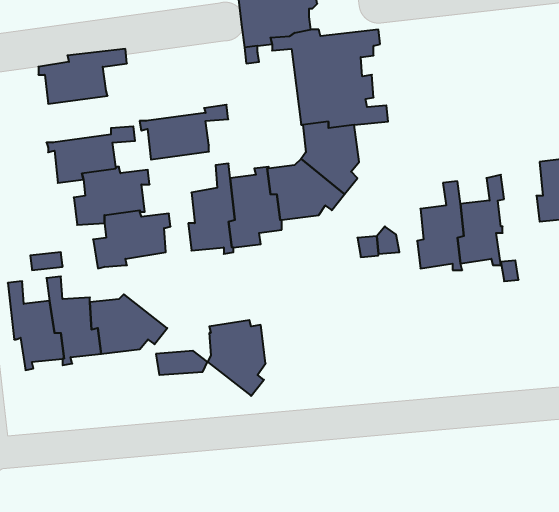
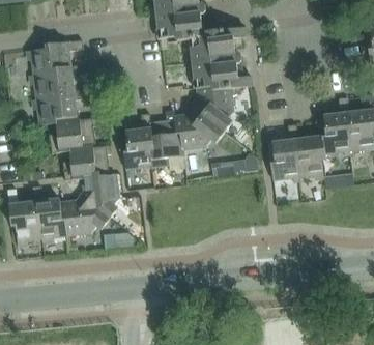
building: [140,105,228,160] -> [29,63,86,98]
building: none -> [322,96,351,154]
building: [208,320,266,396] -> [82,169,119,218]

